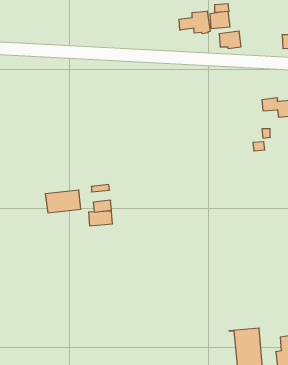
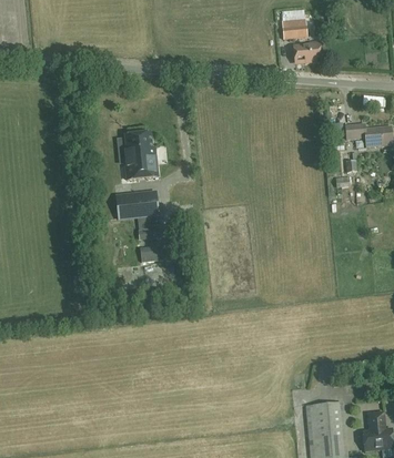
building: [179,11,210,34] -> none
building: none -> [122,131,155,179]
building: [45,190,81,213] -> [113,191,156,218]

